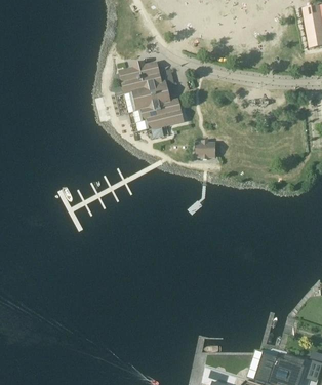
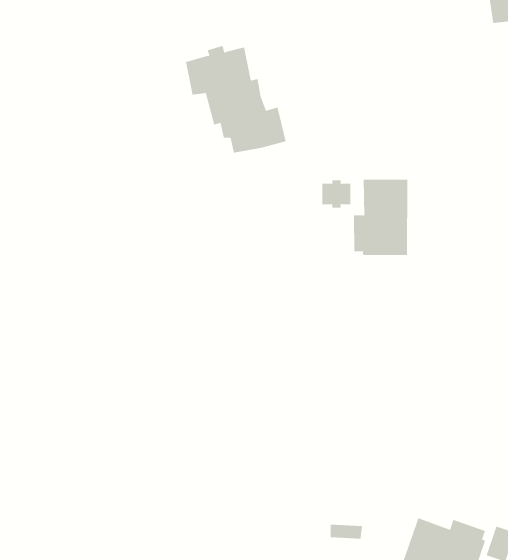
building: none -> [354,179,408,256]

